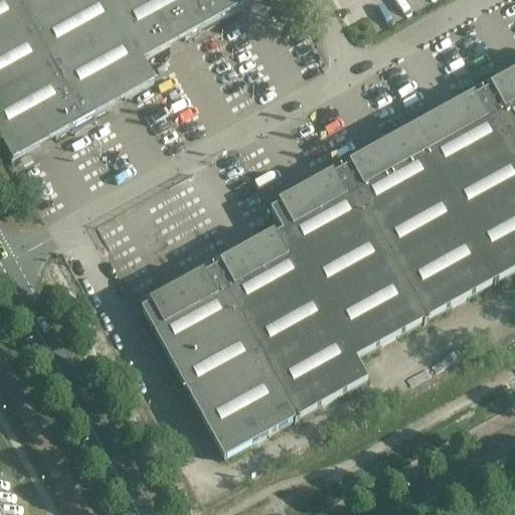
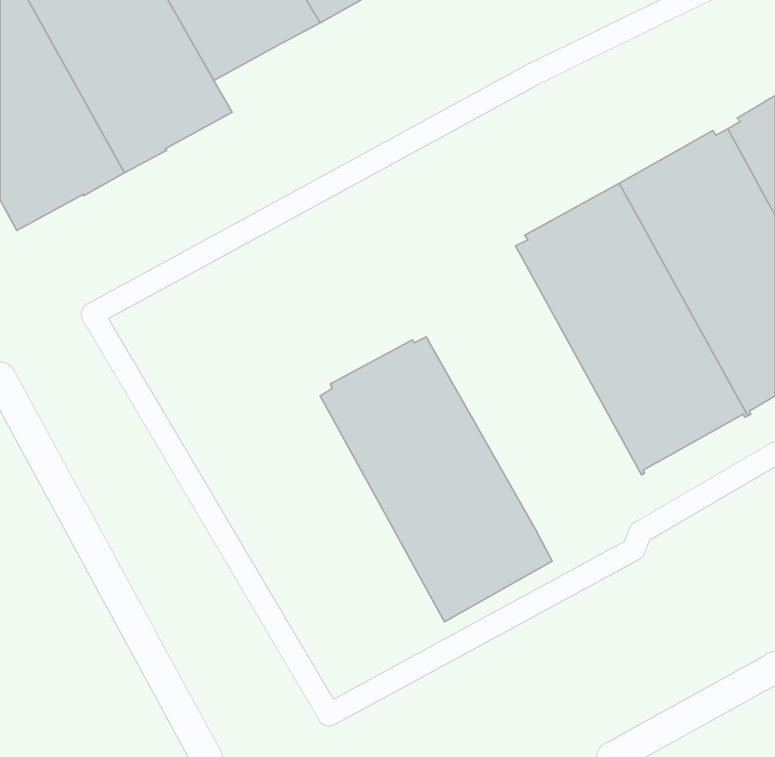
building: [271,163,425,351] -> none
building: [141,263,295,452] -> none

